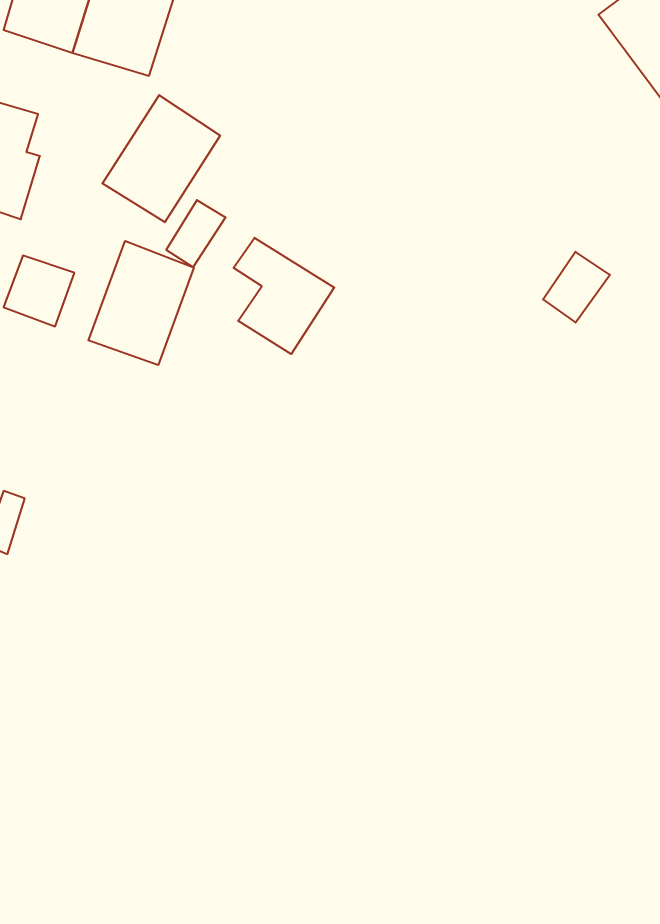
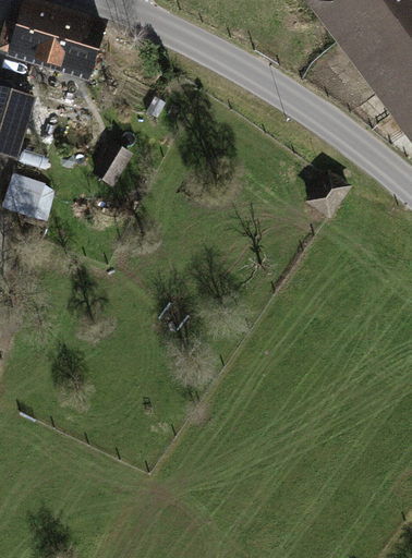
building: [102,95,220,222] -> none
building: [234,238,334,354] -> none
building: [88,241,194,365] -> none

